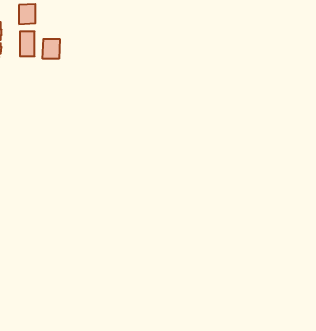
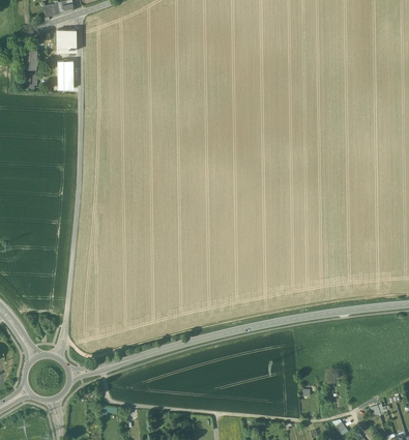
building: [43,39,60,59] -> none

